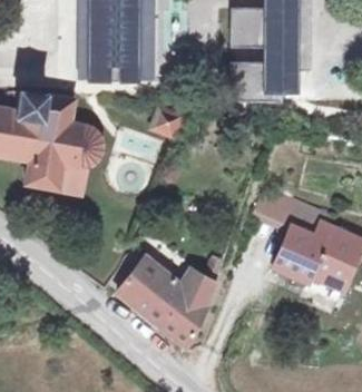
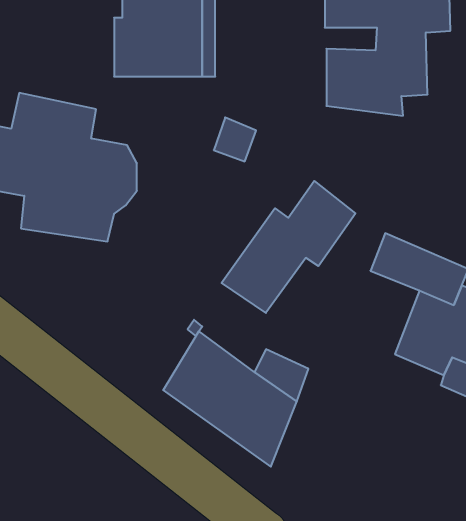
building: none -> [222,181,355,313]

